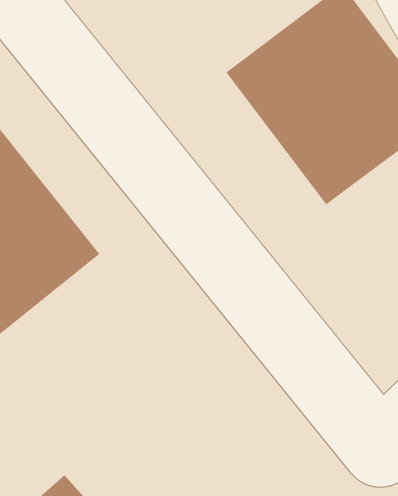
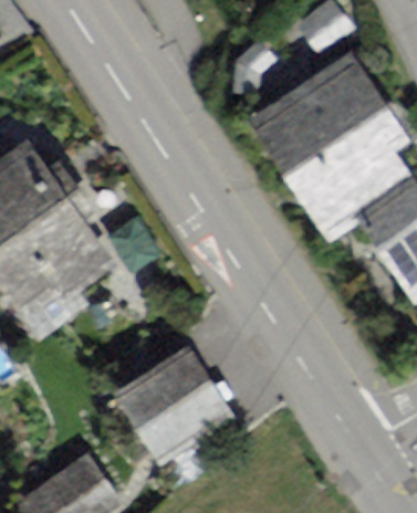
building: none -> [117,348,239,468]

